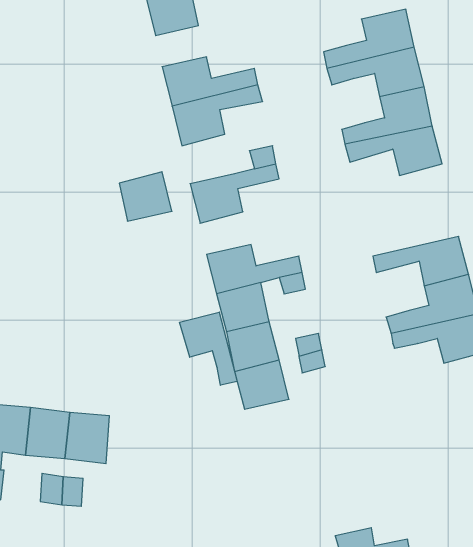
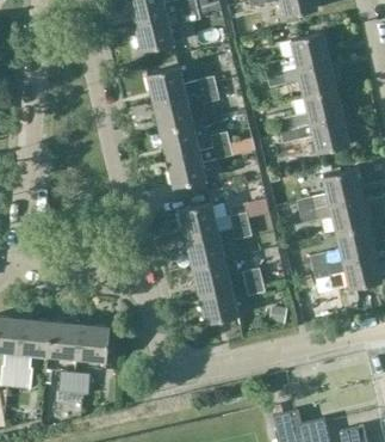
building: [119,172,172,221] -> [161,123,199,159]
building: none -> [296,168,361,211]
building: [180,312,237,385] -> none

